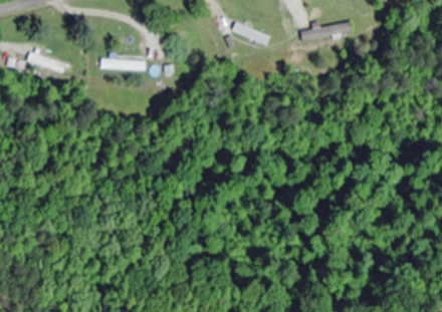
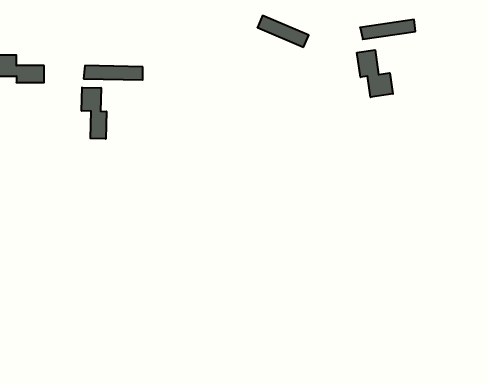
building: none -> [357,50,393,97]
building: none -> [82,87,106,139]

